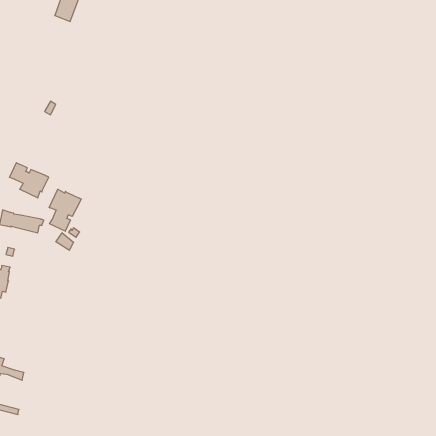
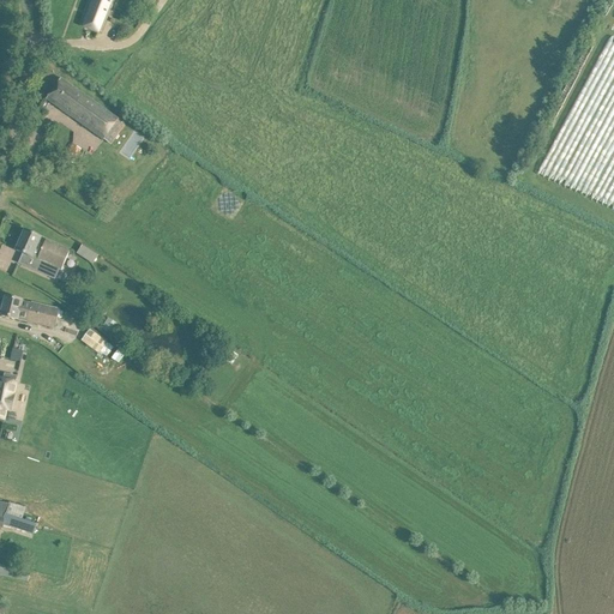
building: none -> [43,76,116,138]
building: [49,189,81,231] -> none

